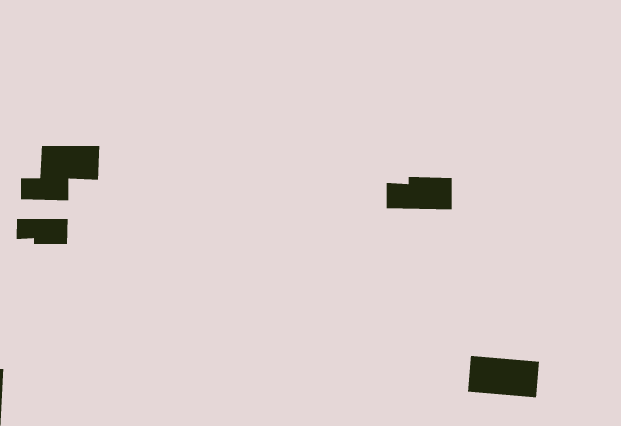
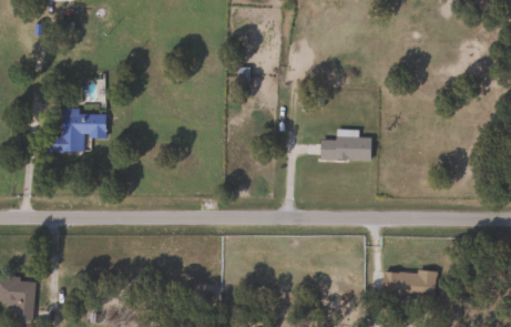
building: [16,218,69,245] -> none

